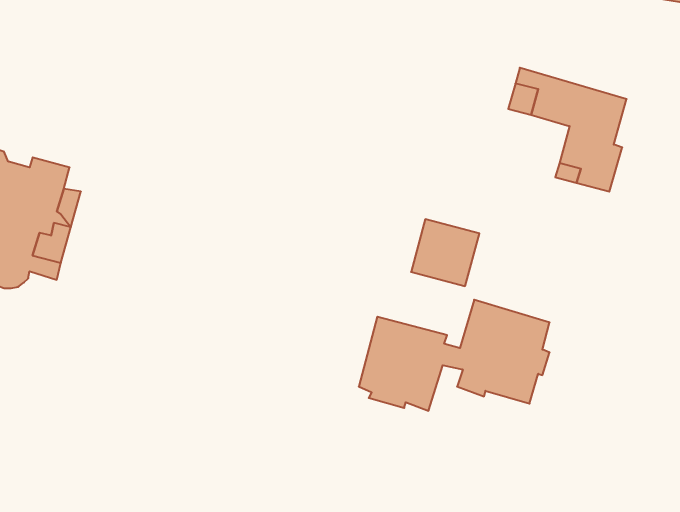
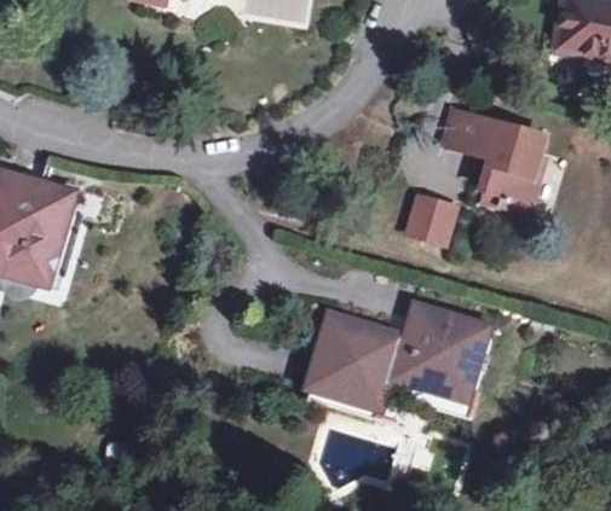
building: [411,219,479,286] -> [398,187,456,244]

